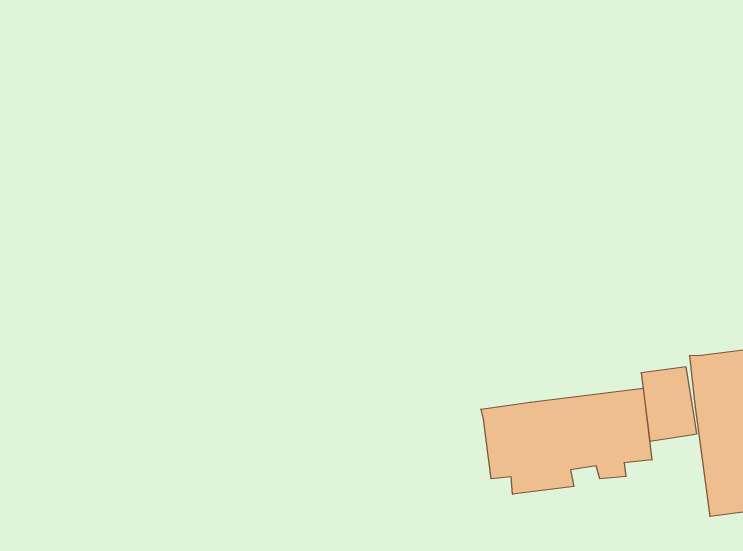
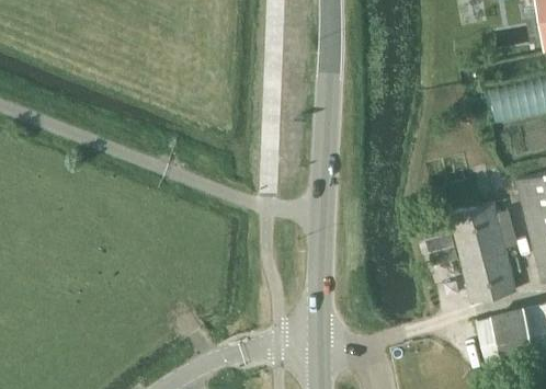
building: [481,388,652,494] -> none

